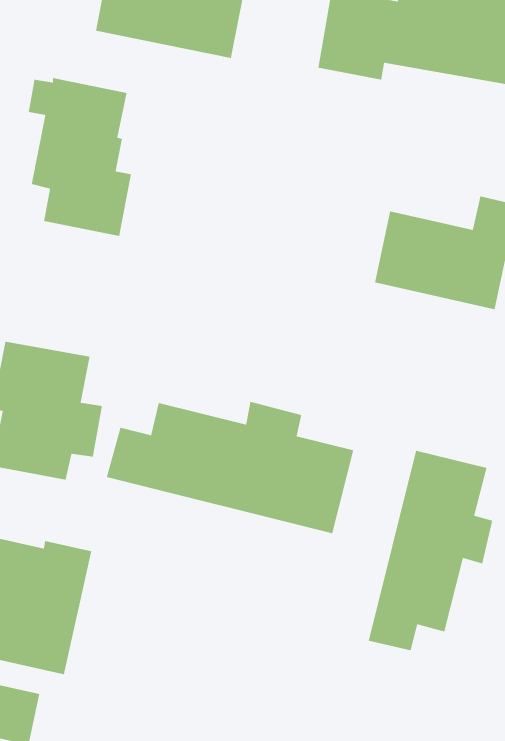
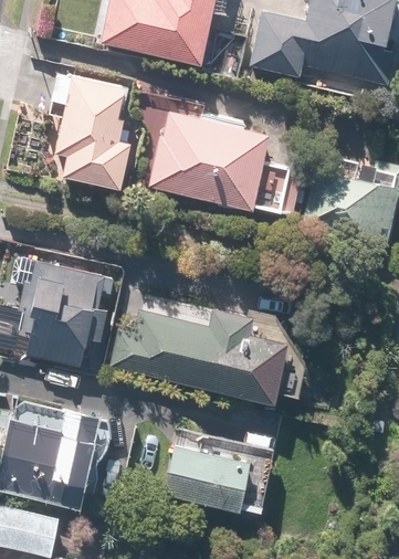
building: none -> [154,114,288,212]
building: [368,450,493,651] -> none
building: none -> [164,444,250,510]

